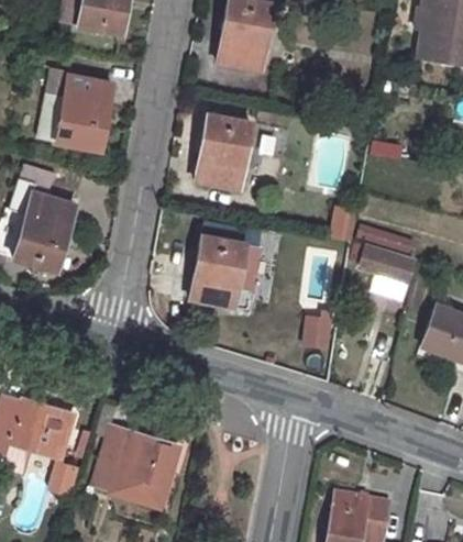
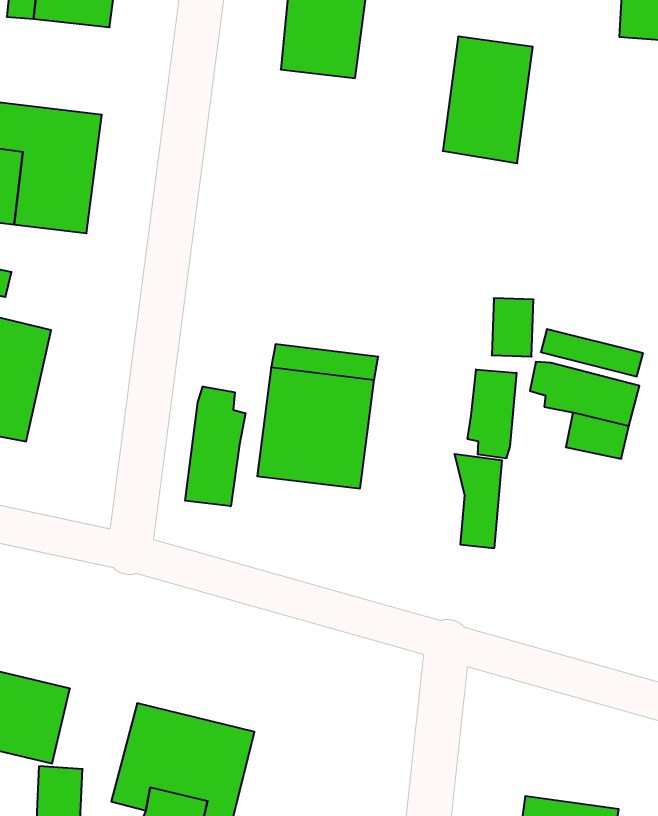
building: [196,114,252,190] -> [443,36,533,163]
building: none -> [185,386,245,506]
building: none -> [468,369,516,458]

